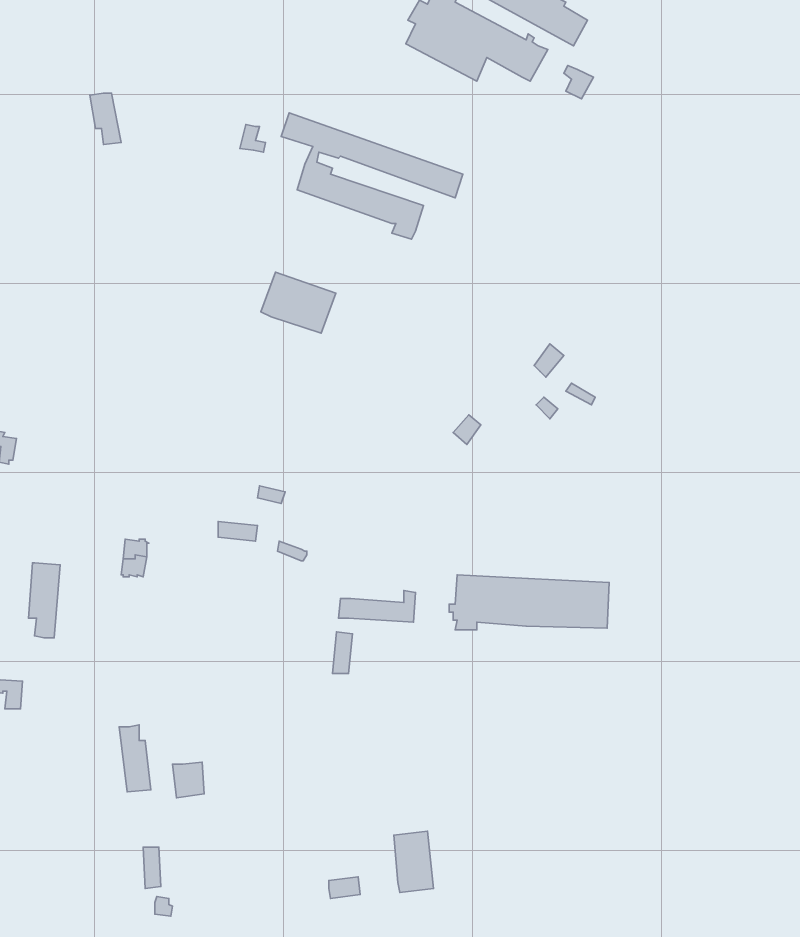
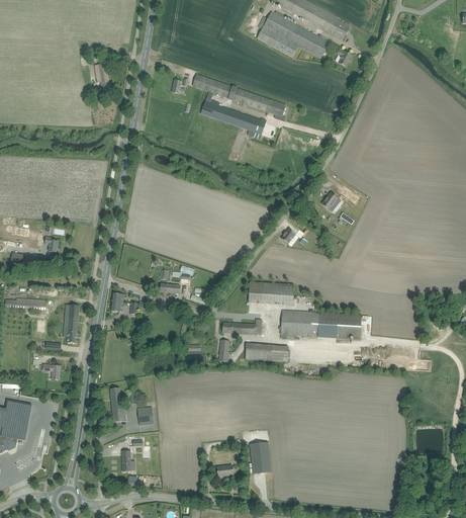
building: [261,272,336,333] -> none
building: none -> [248,281,293,304]
building: none -> [245,342,287,361]

